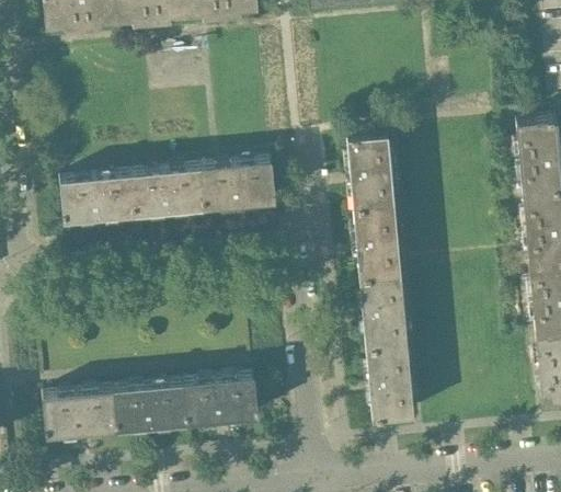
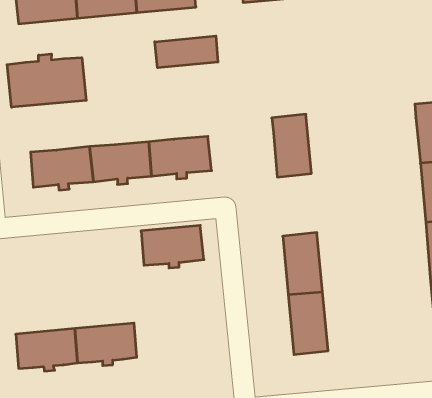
building: none -> [155,36,218,68]
building: none -> [7,54,86,107]
building: [354,207,401,282] -> none
building: [184,378,259,428] -> [141,225,204,268]

